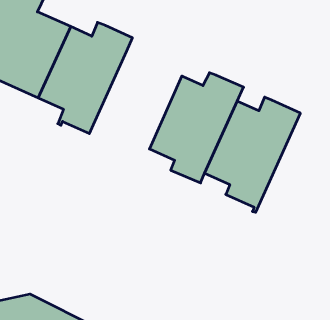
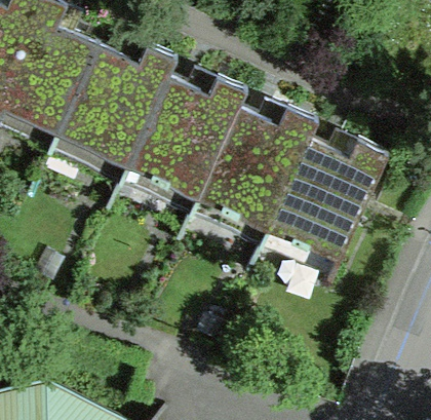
building: none -> [125,69,244,209]

